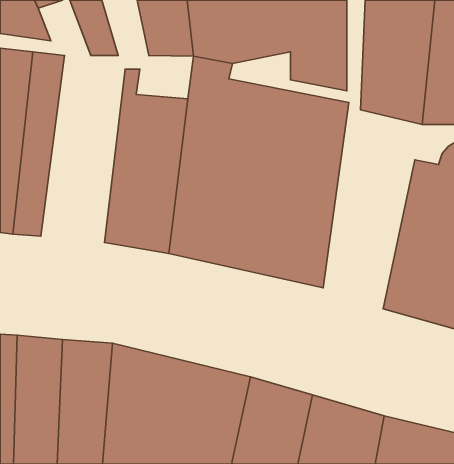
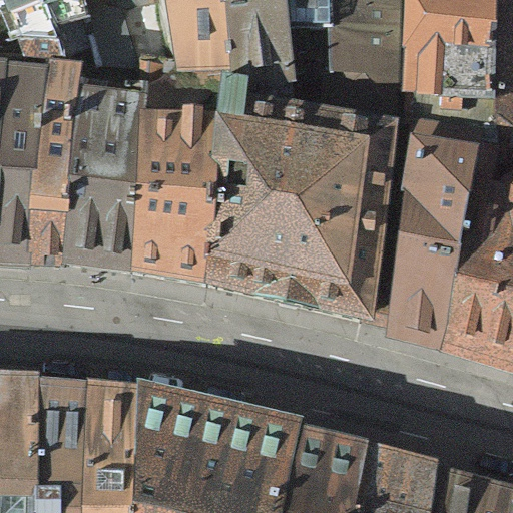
building: none -> [56,61,149,268]
building: none -> [385,121,477,341]

